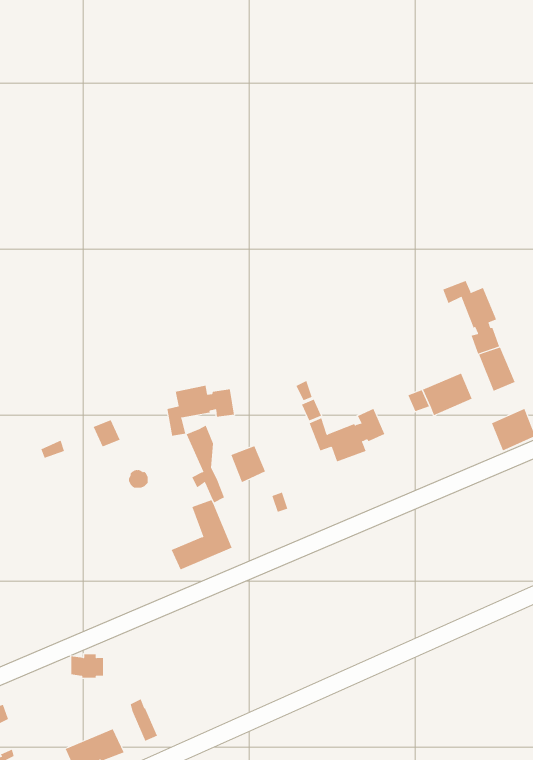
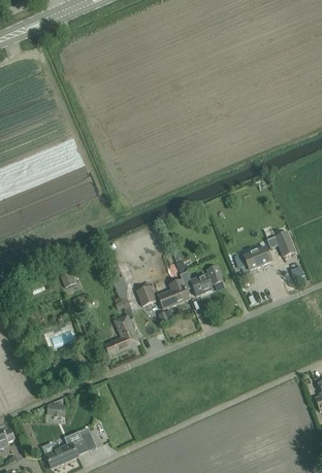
building: [443,280,500,354] -> none
building: [167,385,234,437] -> none
building: none -> [157,278,189,307]

